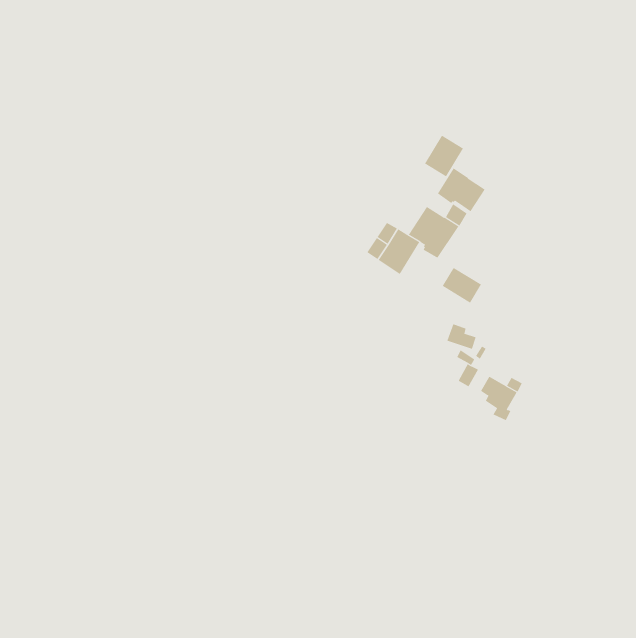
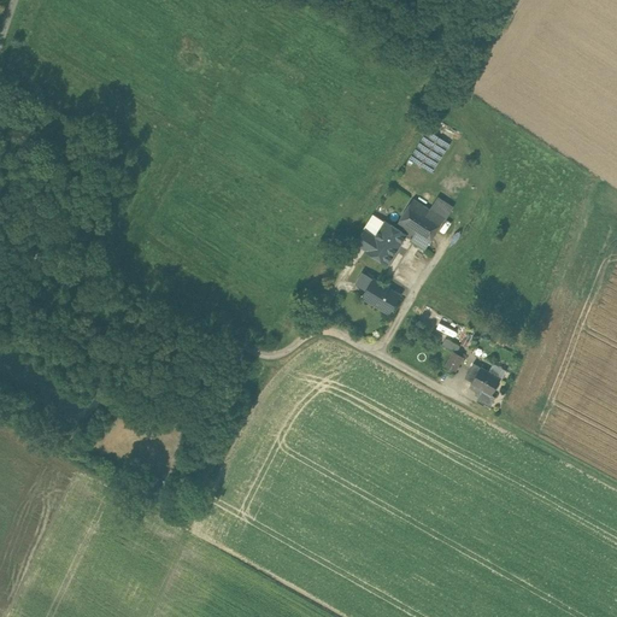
building: [437,167,485,212] -> none
building: [442,267,482,303] -> [360,278,399,313]

